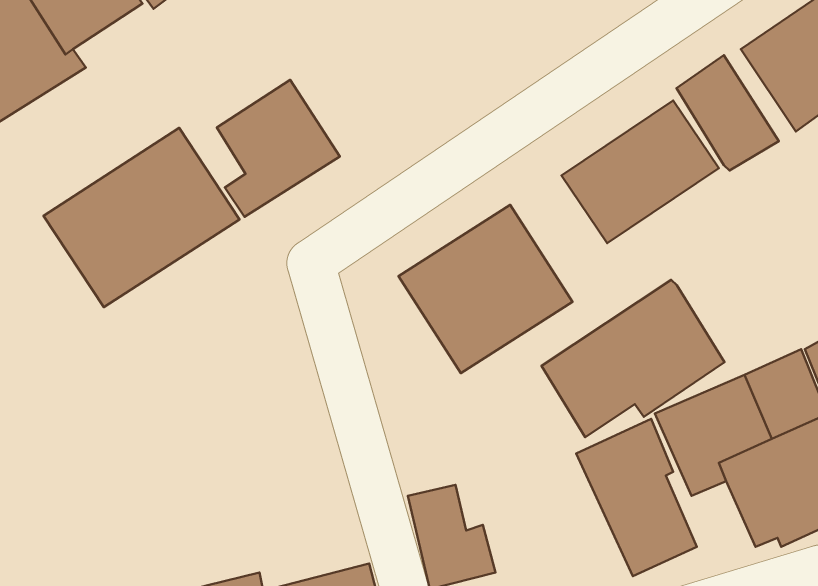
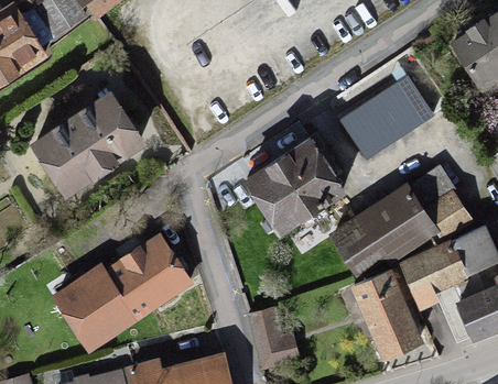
building: [676,55,779,170] -> [410,166,472,235]
building: [217,80,340,217] -> none
building: none -> [51,233,193,353]

